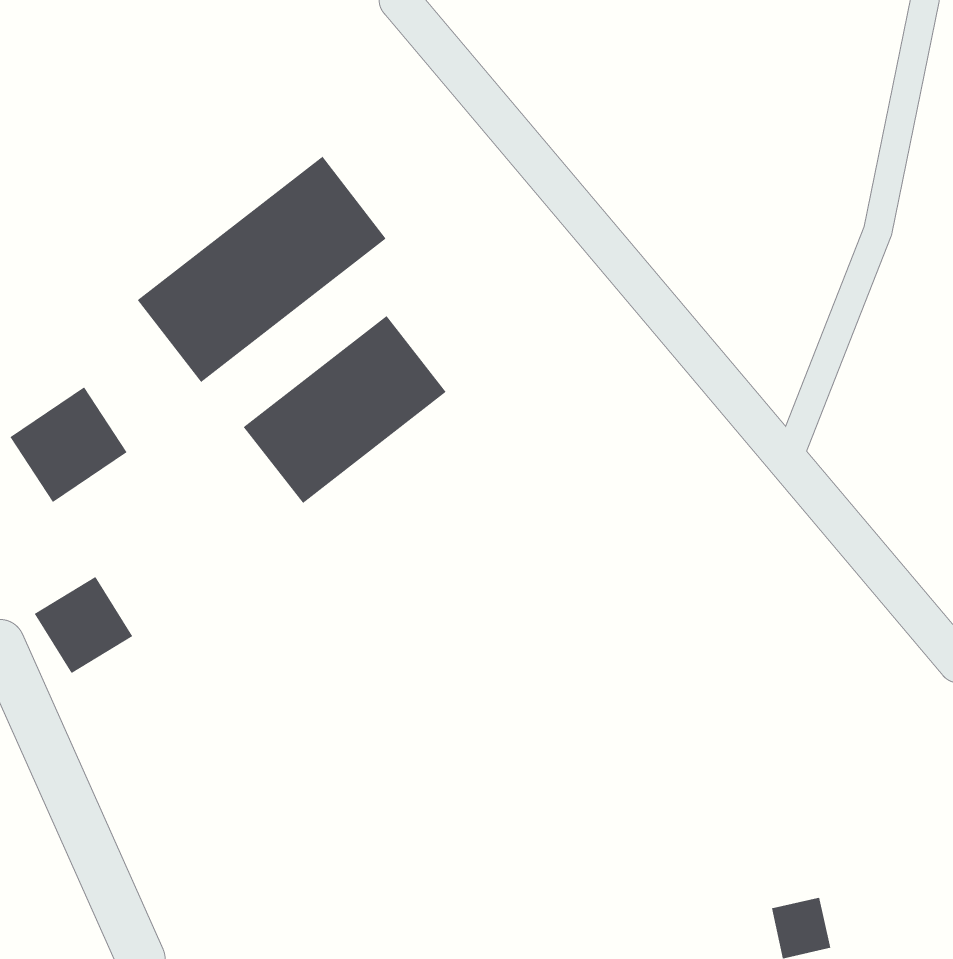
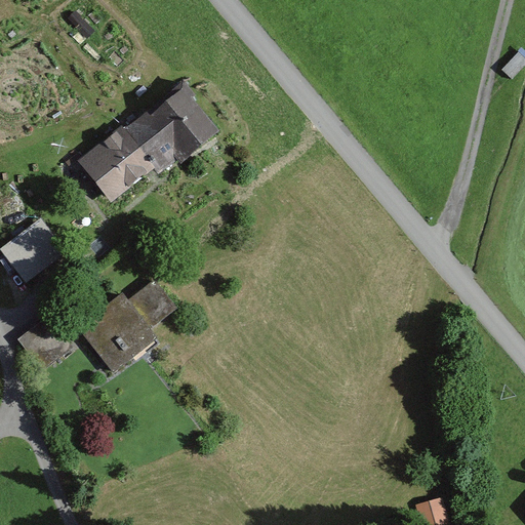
building: [243,315,447,504] -> none
building: none -> [75,287,169,375]

